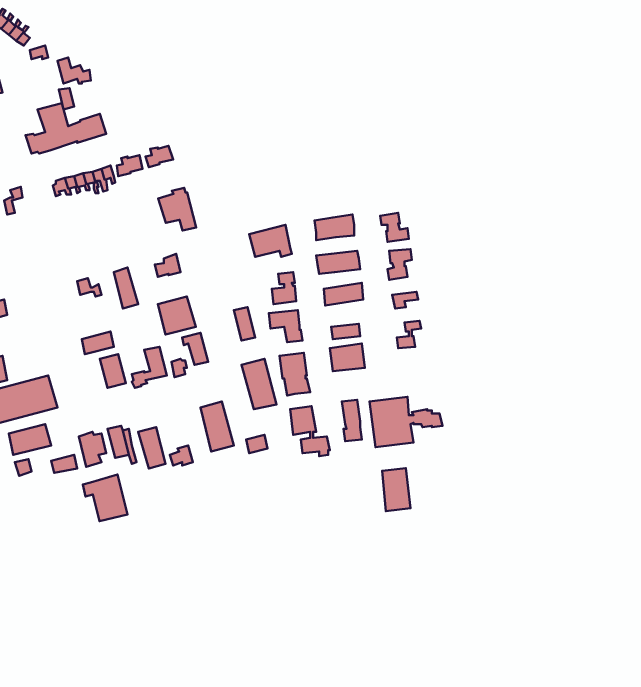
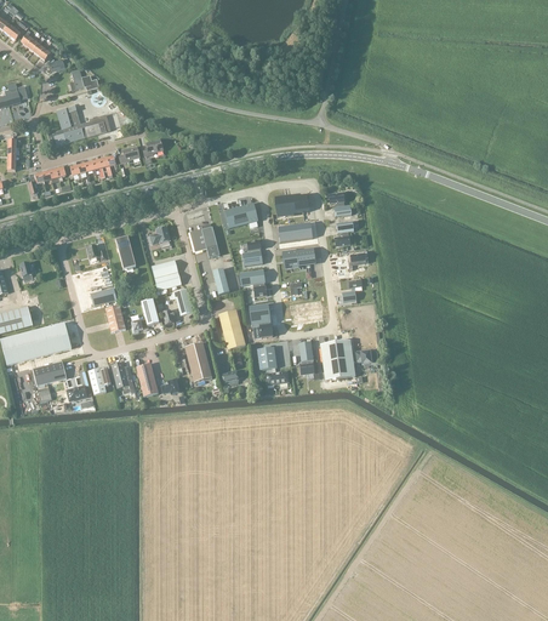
building: [158,188,196,230] -> [189,222,219,256]
building: [382,468,411,511] -> none
building: [83,475,128,521] -> none

